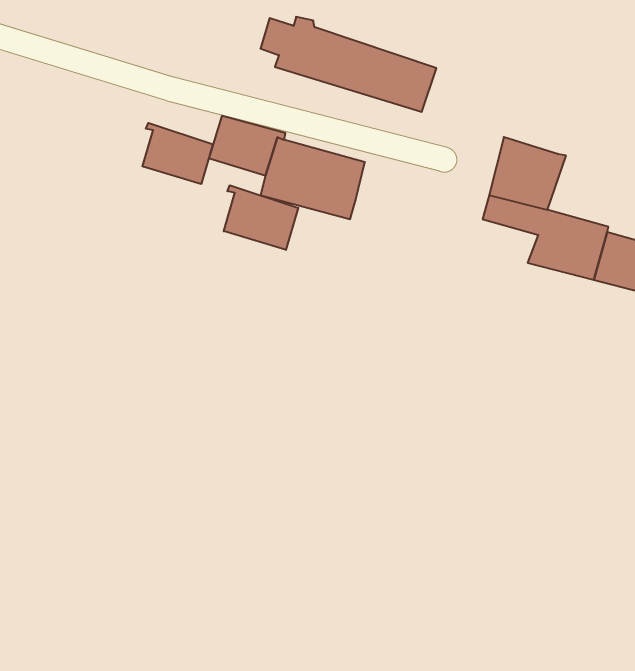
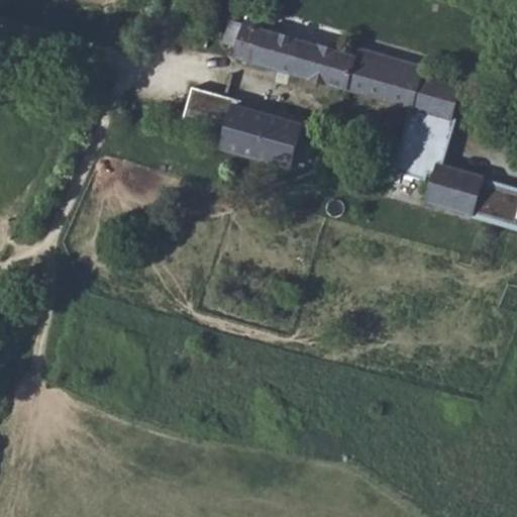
building: none -> [345,48,459,121]
building: [142,123,213,184] -> none
building: [224,185,298,250] -> none

